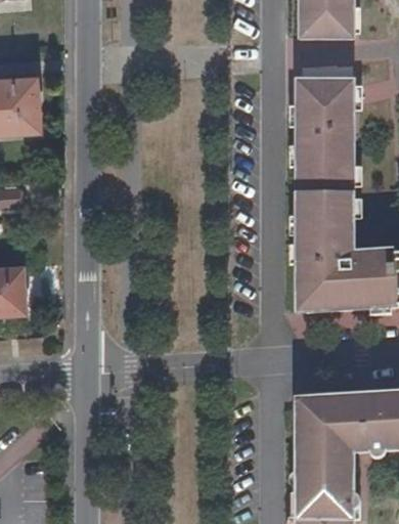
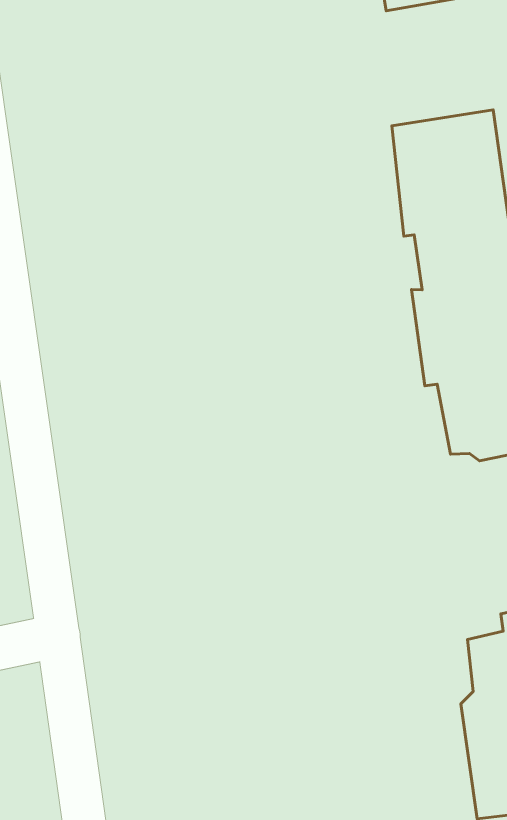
building: [304,78,364,105] -> none

